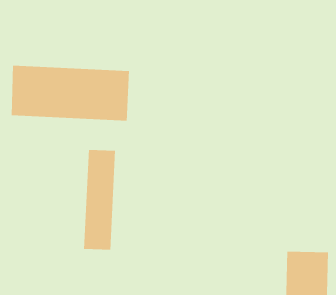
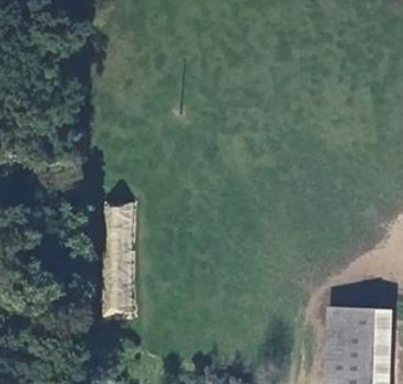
building: [11,65,129,121] -> none

